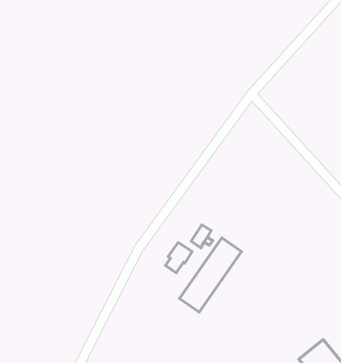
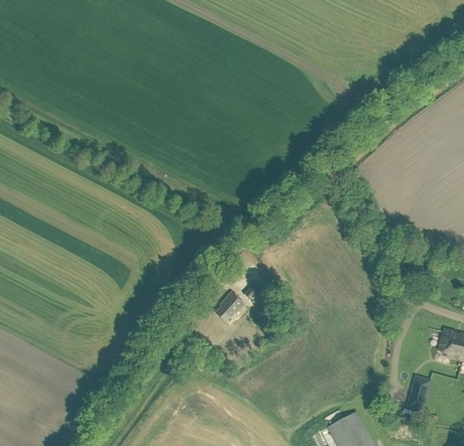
building: [179,238,242,312] -> none

